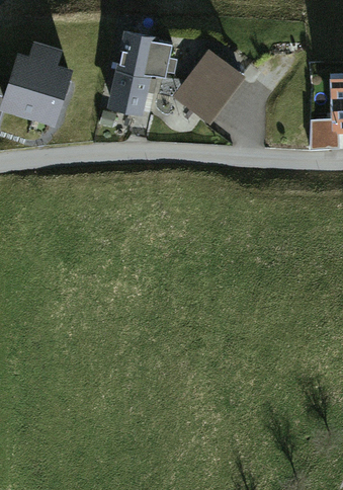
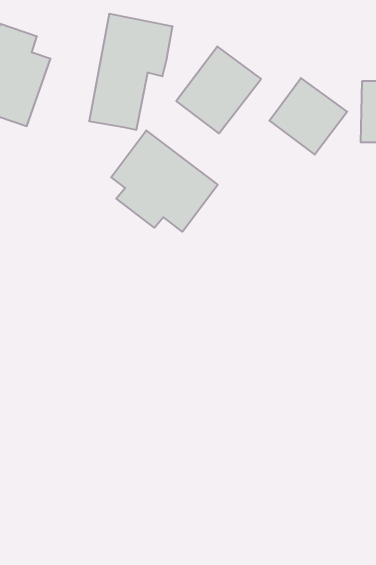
building: none -> [269,78,347,155]
building: none -> [111,130,218,232]

